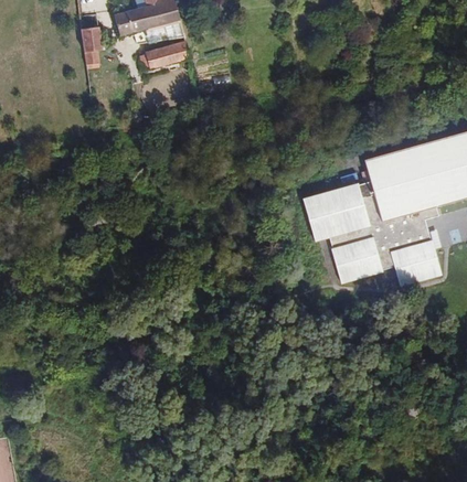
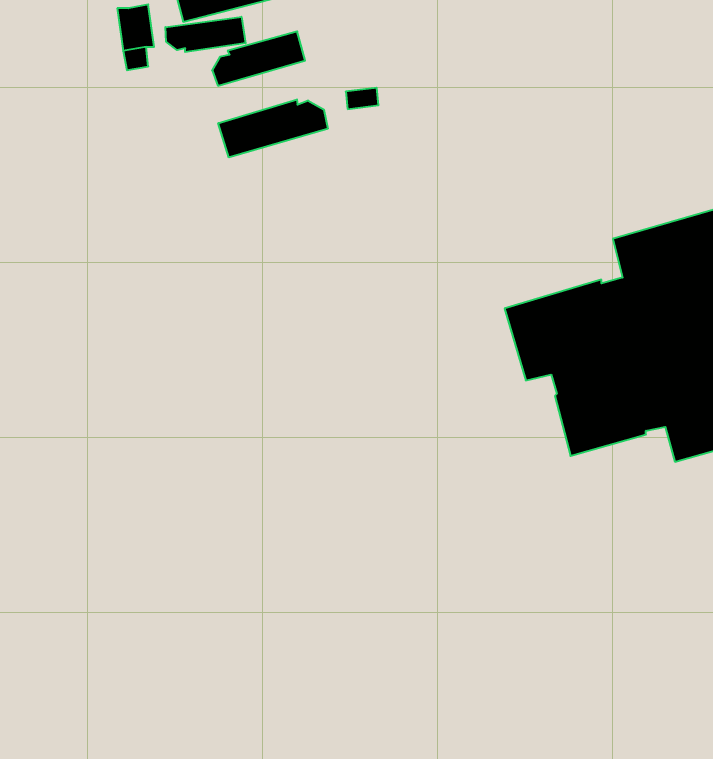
building: none -> [165,17,246,52]
building: none -> [218,99,328,157]

